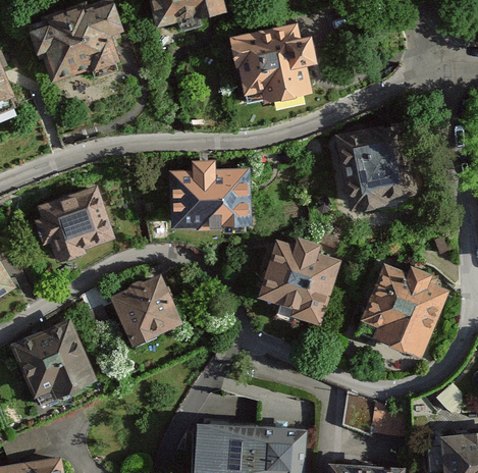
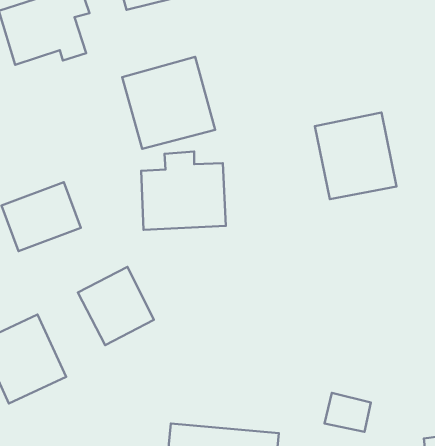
building: [240,25,329,114] -> [122,57,215,149]
building: [255,234,339,324] -> none
building: [361,268,443,353] -> none

